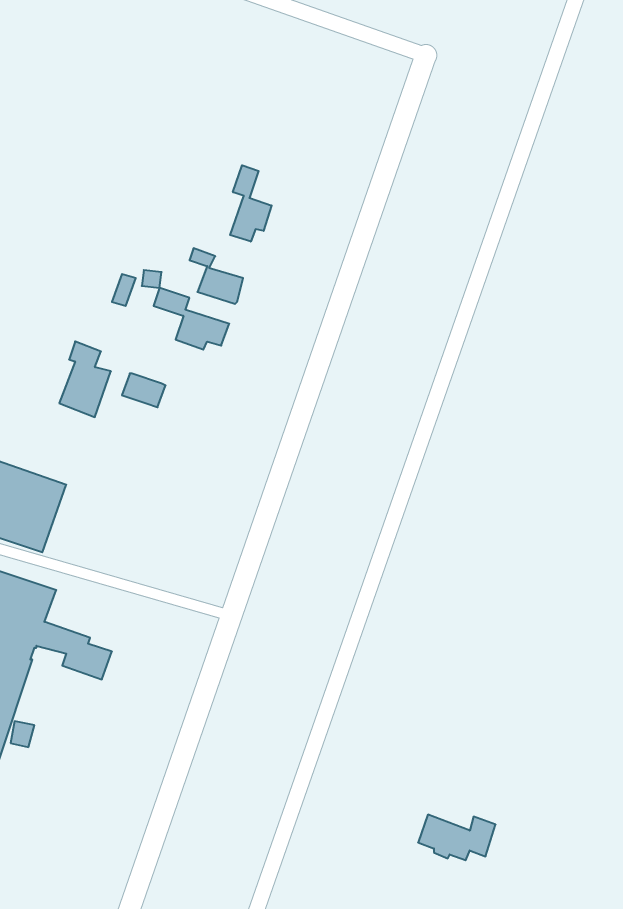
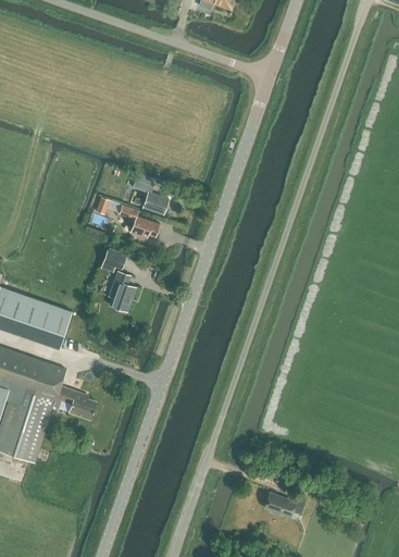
building: [230,165,272,242] -> none
building: [59,341,111,417] -> [108,270,136,311]

